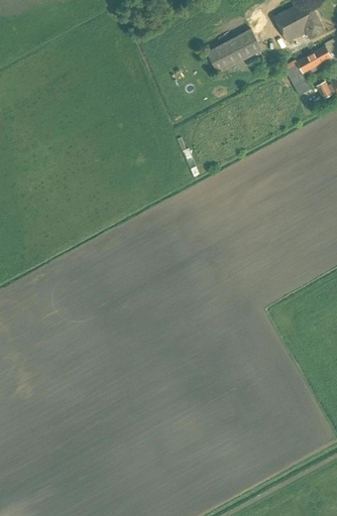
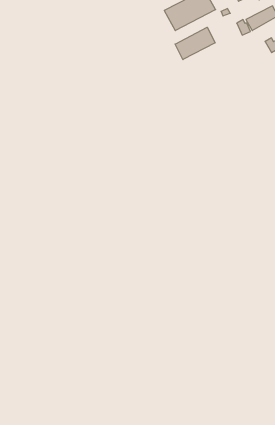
building: none -> [175,27,215,60]

